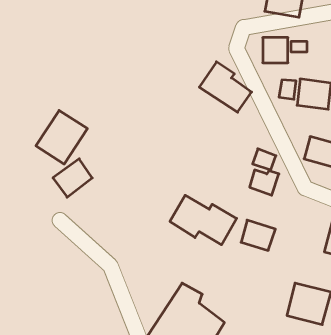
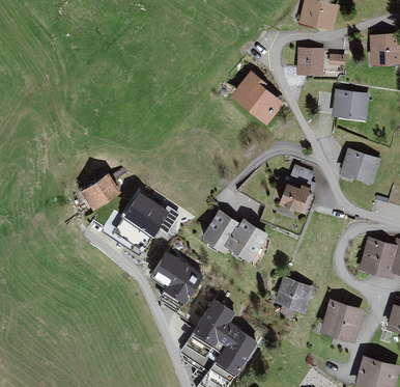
building: [36,110,87,164] -> [114,193,167,248]
building: [241,220,275,250] -> [277,277,312,308]
building: none -> [151,253,203,311]

